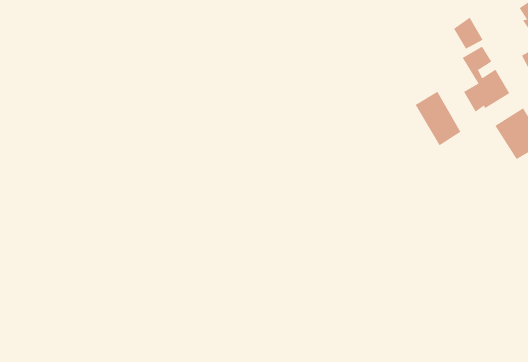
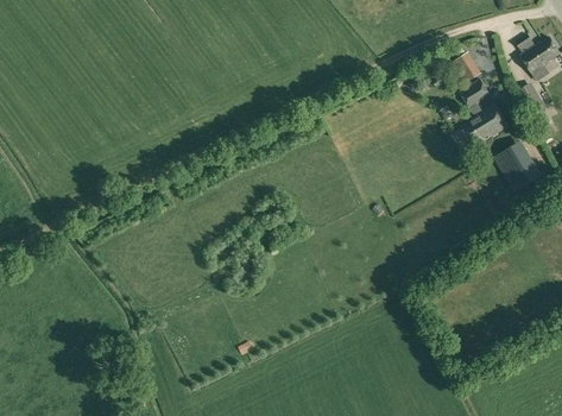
building: [415,91,461,146] -> none

